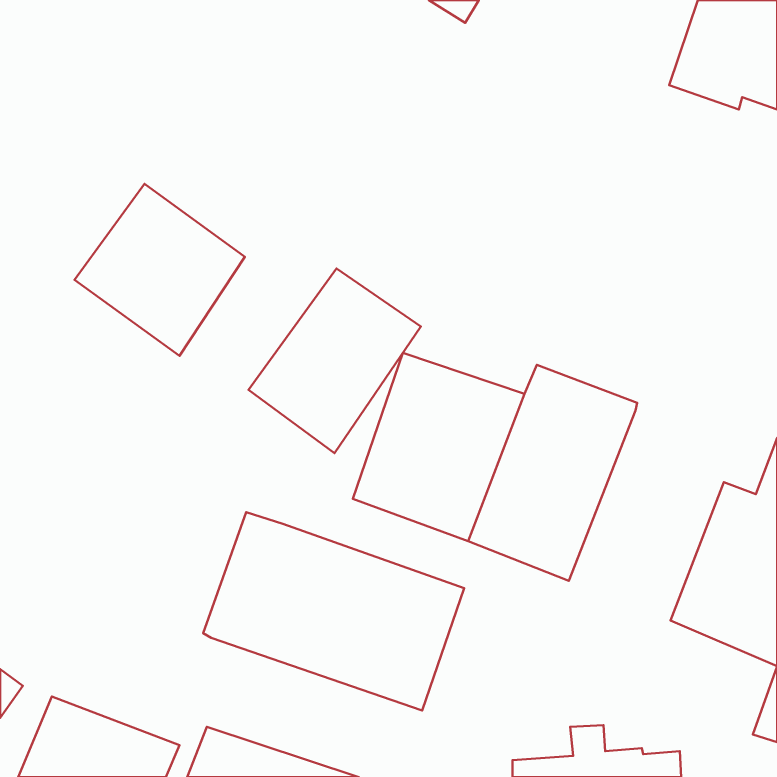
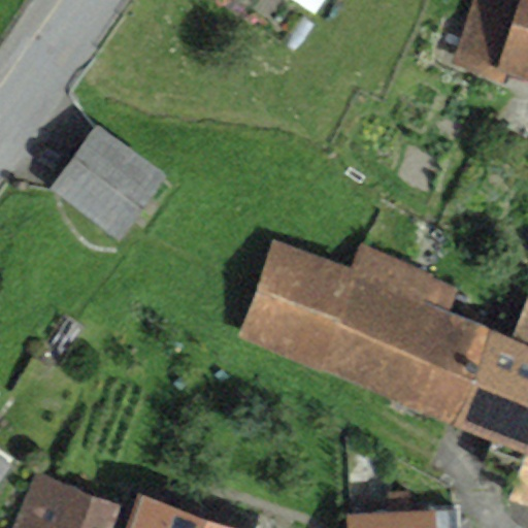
building: [248,268,421,453] -> none
building: none -> [386,278,491,421]
building: [203,512,464,710] -> none

